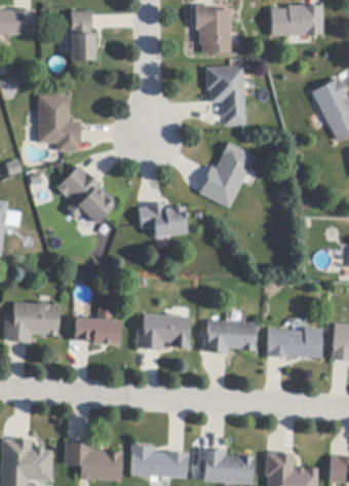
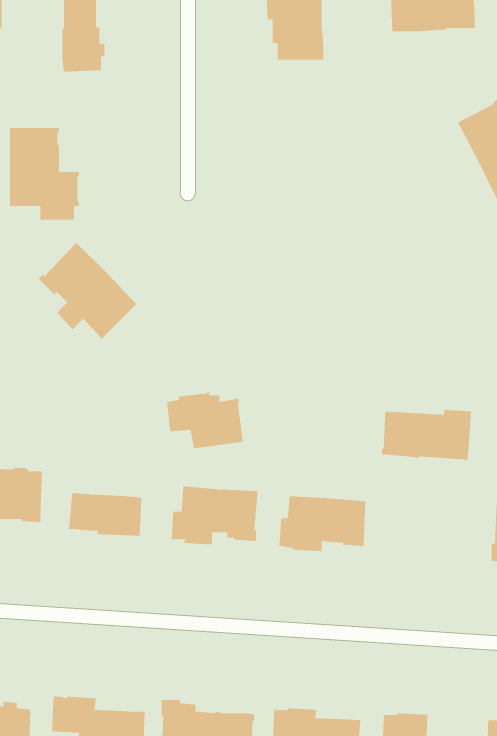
building: [205,66,245,125] -> none
building: [199,142,255,209] -> none
building: [139,202,186,237] -> [166,392,244,449]
building: [266,328,321,359] -> [381,410,472,460]

